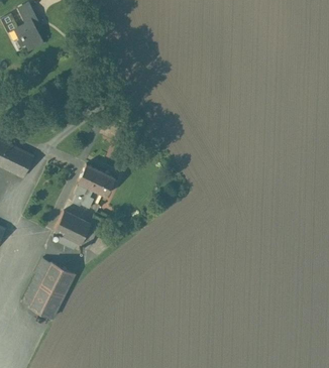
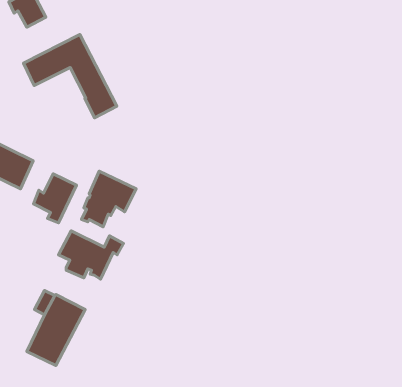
building: none -> [24,35,117,118]
building: none -> [33,174,77,223]

